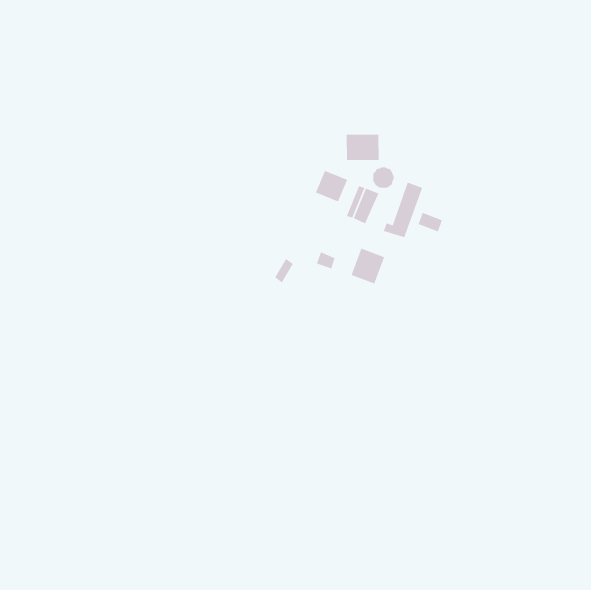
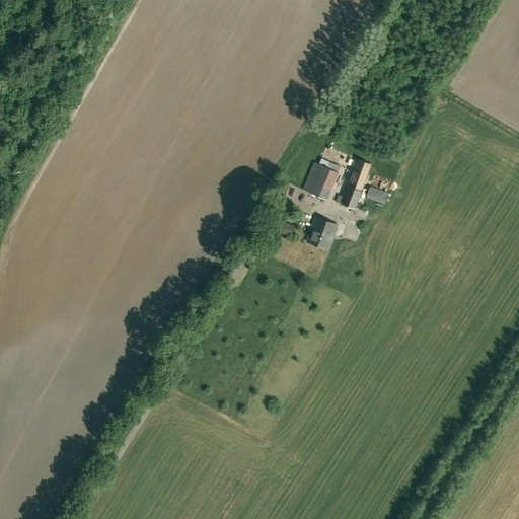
building: [346,134,379,161] -> none
building: [315,170,348,203] -> none

